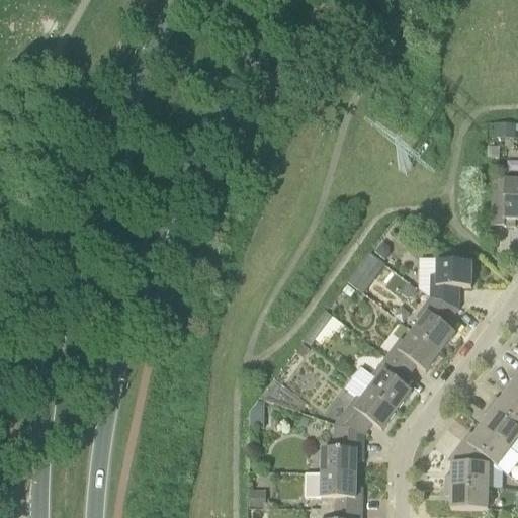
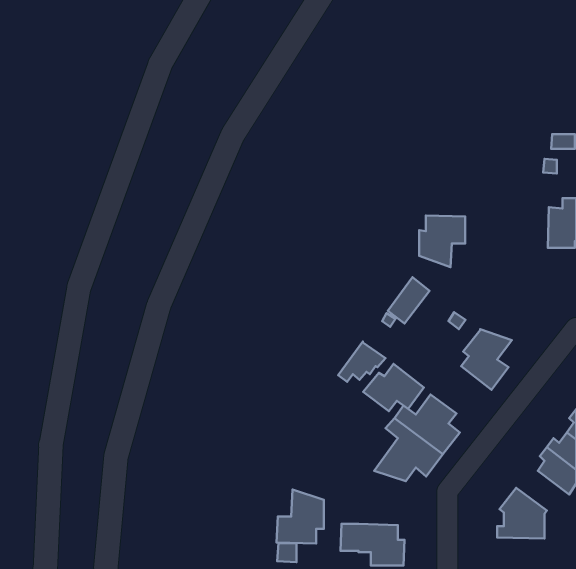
building: [431,259,472,306] -> [419,215,465,267]
building: [386,329,441,371] -> [363,364,424,411]
building: [322,423,364,471] -> [277,490,324,544]
building: [463,423,511,463] -> none
building: [446,483,489,507] -> none

